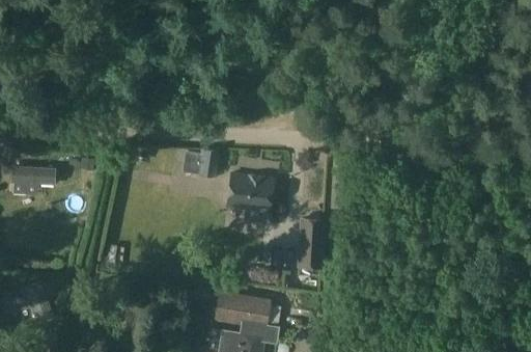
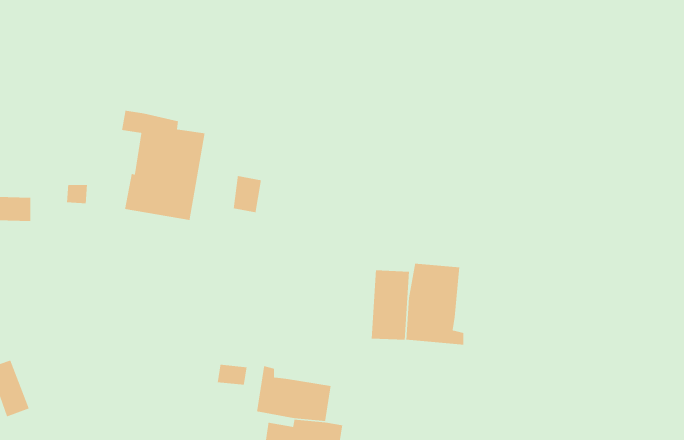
building: none -> [121,110,205,221]
building: [227,177,272,224] -> none
building: none -> [406,263,464,346]

